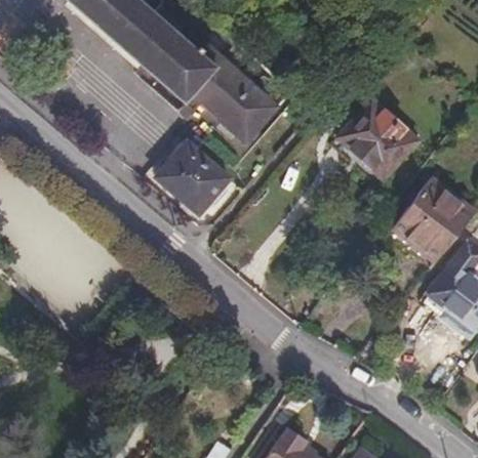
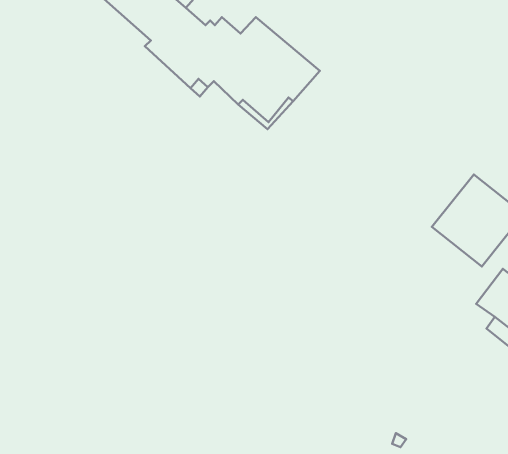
building: [338,101,415,177] -> none
building: [159,144,228,211] -> none

